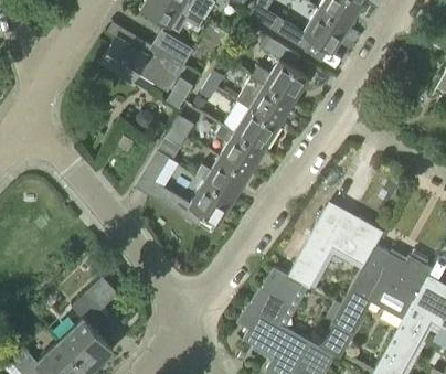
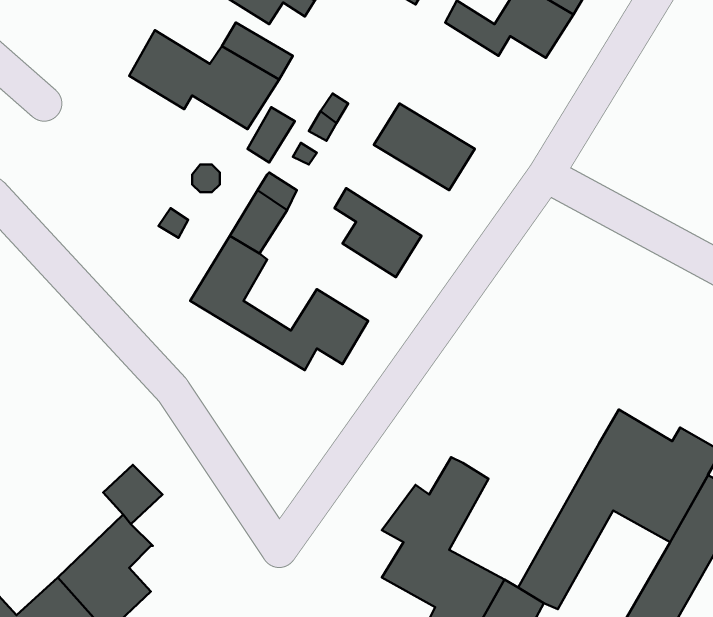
building: [252,40,308,101] -> none
building: [234,107,279,150] -> none
building: [197,154,249,197] -> none
building: [287,210,382,290] -> none

